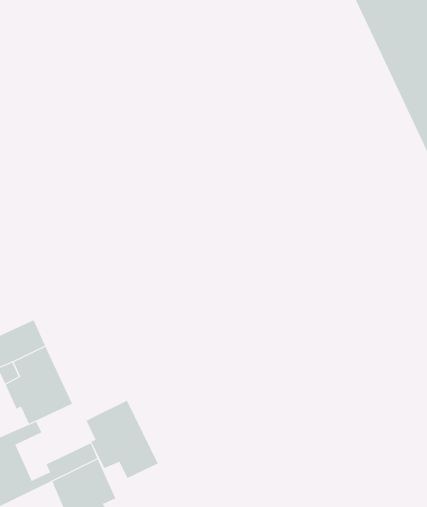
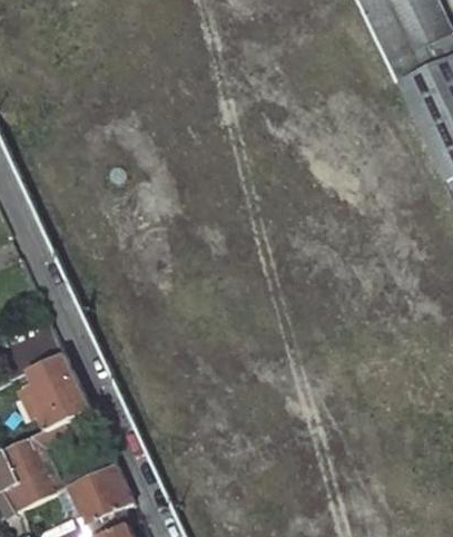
building: [86,400,158,479] -> none

